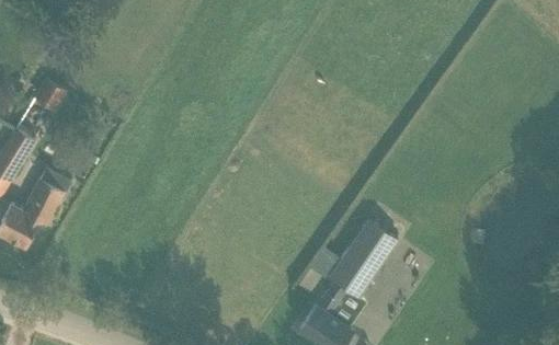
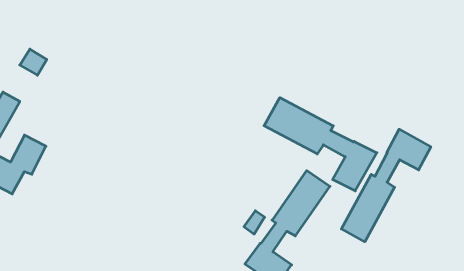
building: none -> [264,98,377,191]
building: none -> [341,129,431,242]

